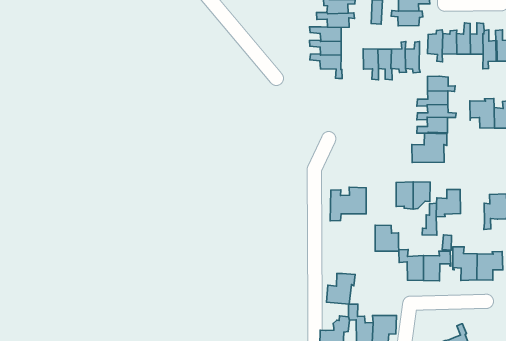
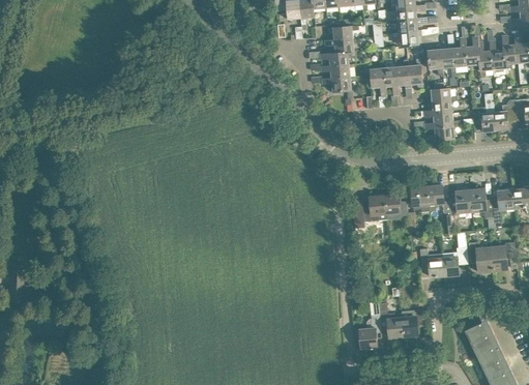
building: [412,133,447,162] -> none
building: none -> [470,188,495,218]
building: [375,225,399,251] -> [384,195,408,219]
building: [326,273,355,304] -> none

